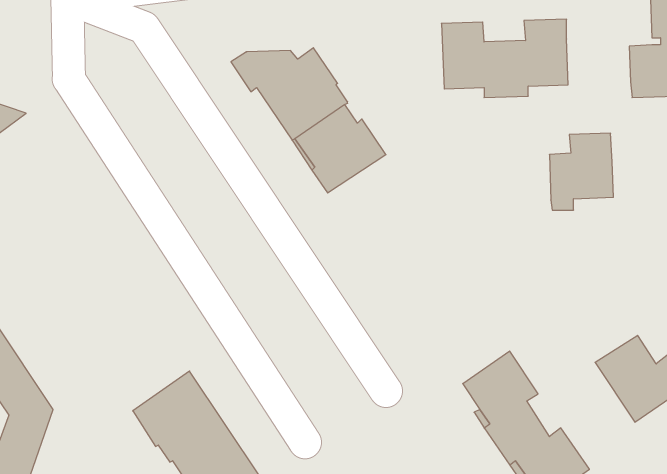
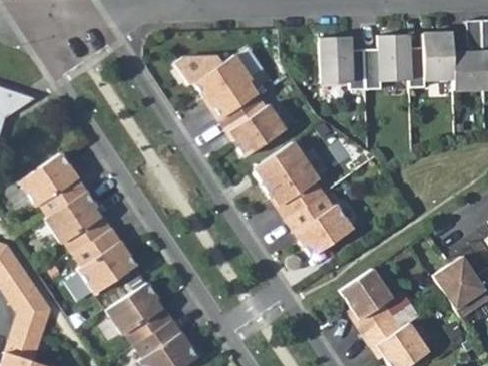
building: [549,133,613,210] -> [413,33,458,87]
building: none -> [256,142,353,257]
building: none -> [20,153,136,293]

